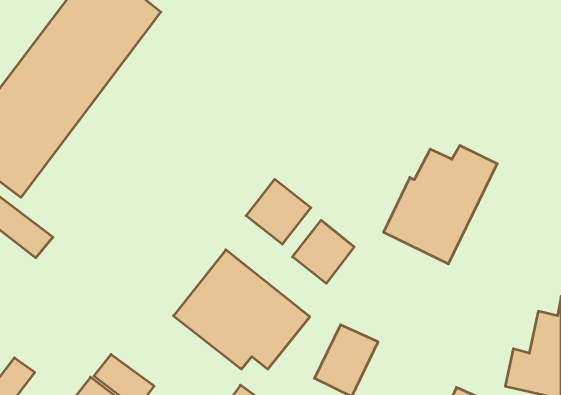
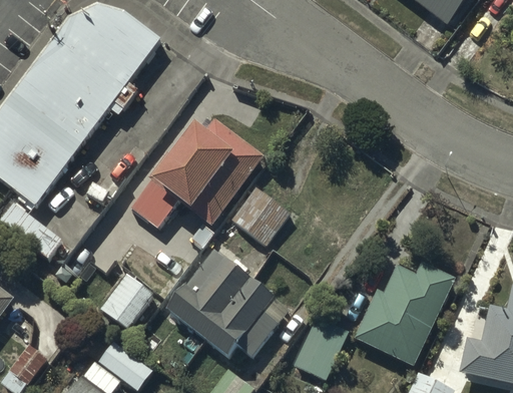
building: none -> [130,119,264,227]
building: [384,146,497,264] -> [356,262,456,366]
building: [292,220,354,283] -> none
building: none -> [99,274,154,330]

